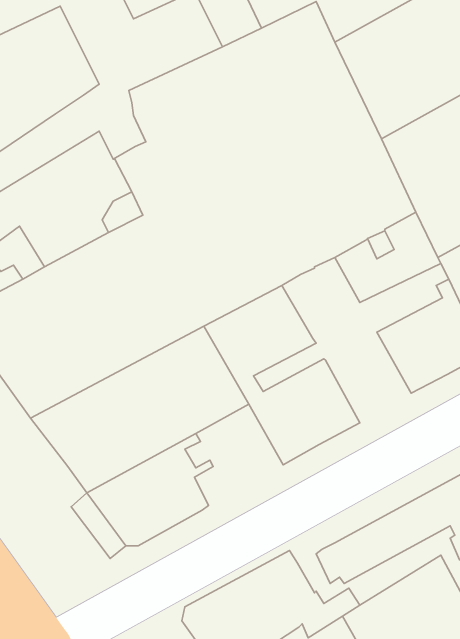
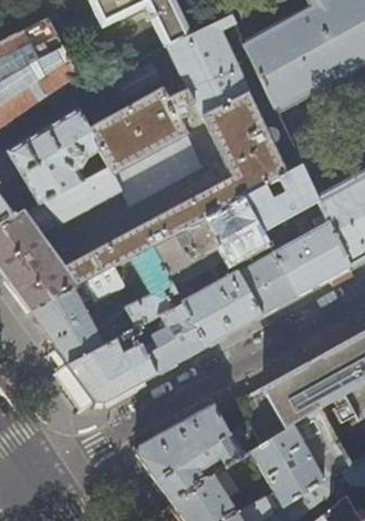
building: none -> [207,197,269,259]
building: none -> [238,250,299,314]
building: none -> [145,301,208,373]

